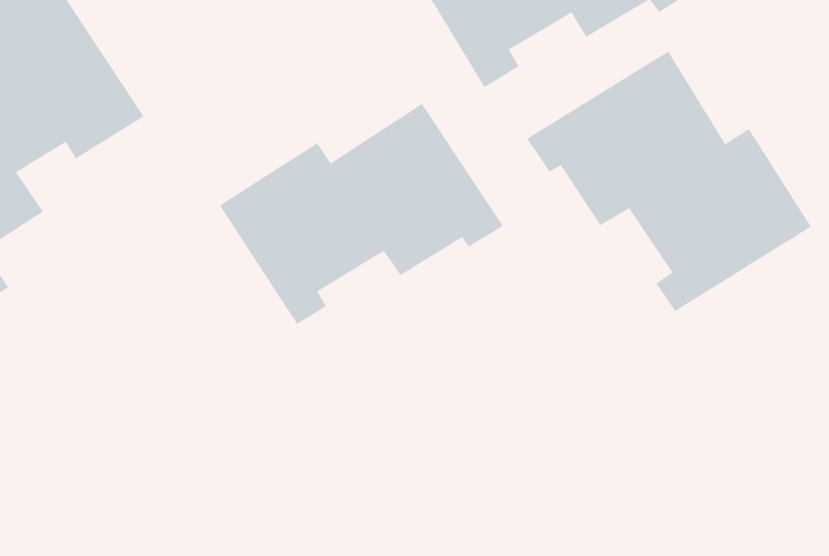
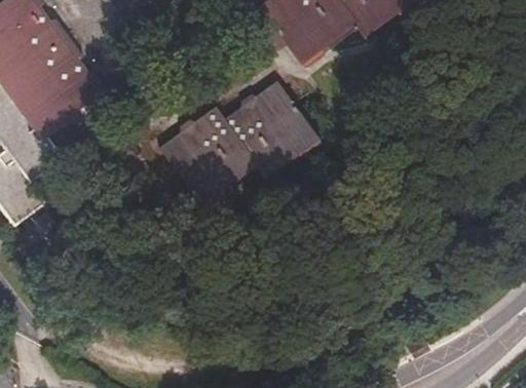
building: [526,51,812,312] -> none

